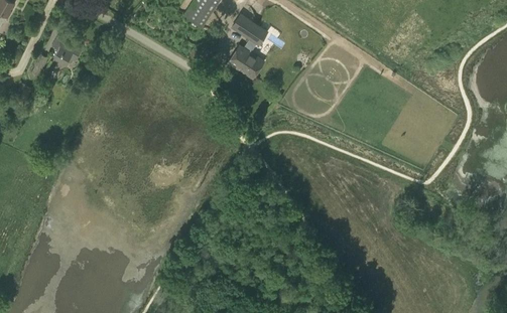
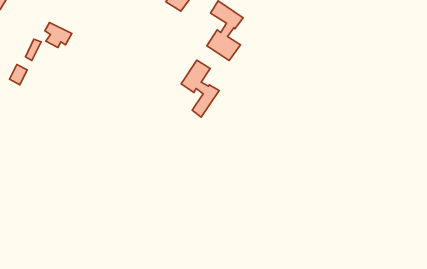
building: none -> [181,60,219,117]

